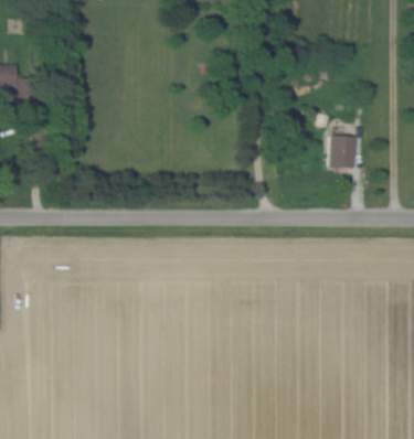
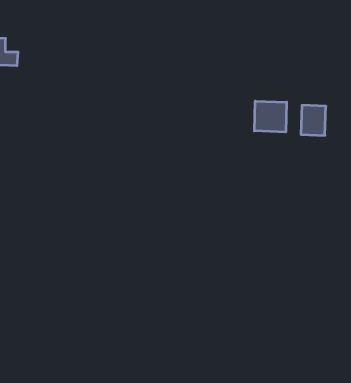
building: none -> [254,101,287,132]

